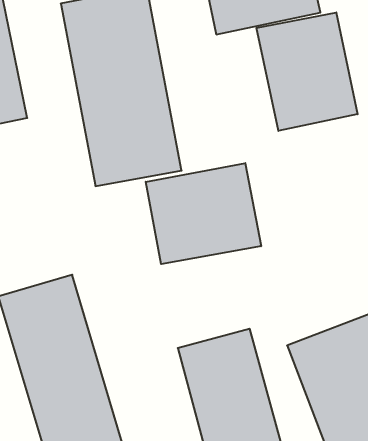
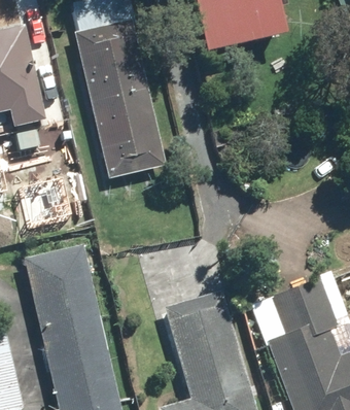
building: [257,12,358,131] -> none
building: [146,163,261,264] -> none

